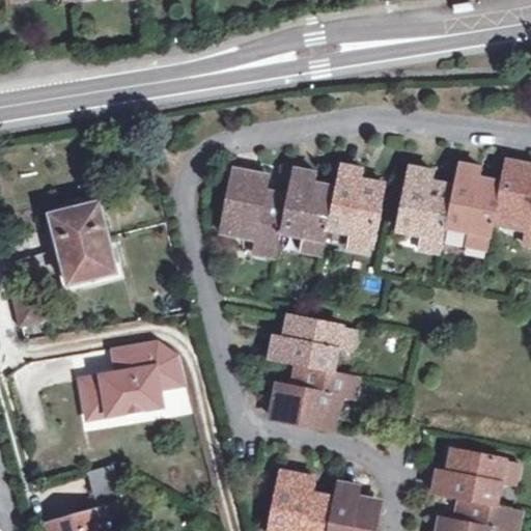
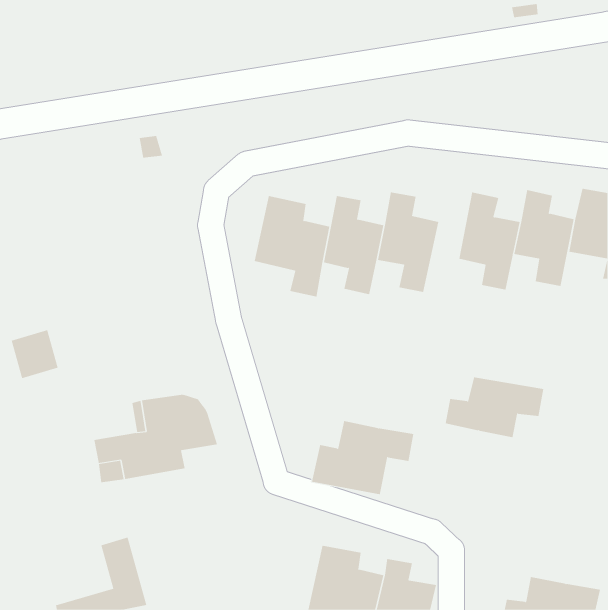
building: [50,192,116,282] -> none
building: [269,317,355,370] -> [445,377,544,438]
building: [431,451,518,505] -> none

